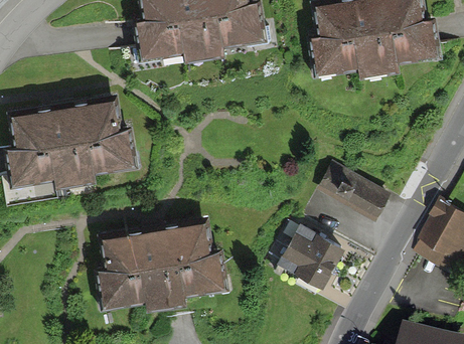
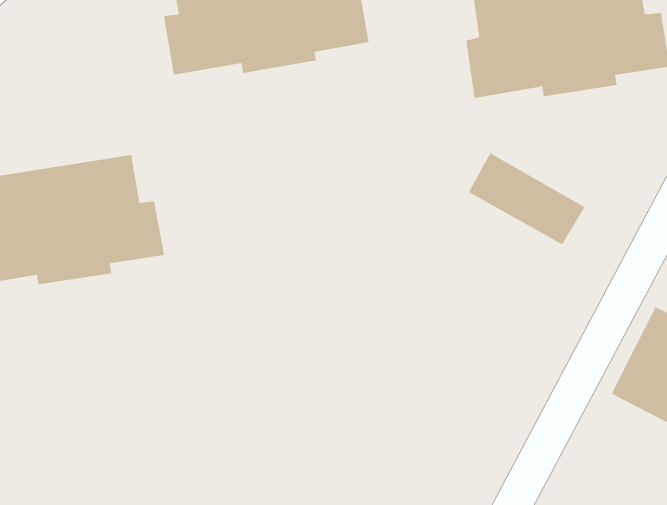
building: [317,163,389,219] -> [468,153,586,245]
building: [92,221,216,302] -> none
building: [279,224,351,289] -> none

